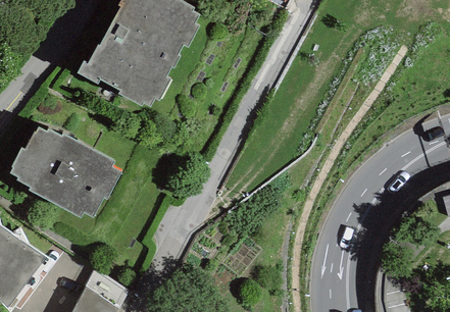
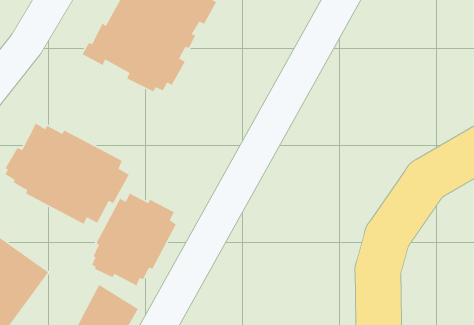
building: none -> [91,192,177,287]

